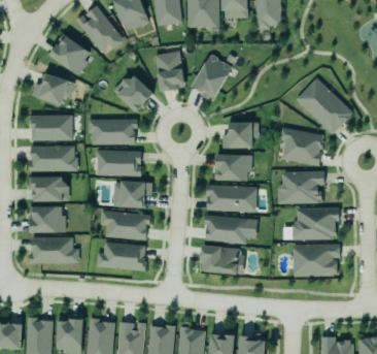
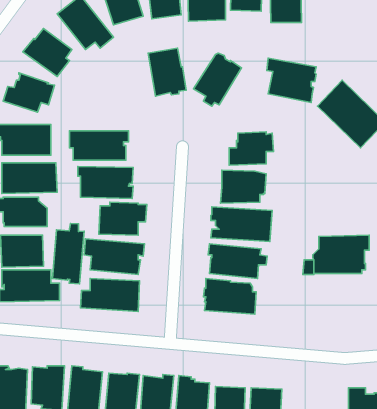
building: [113,74,152,110] -> none
building: [281,128,322,165] -> [267,58,316,102]
building: [277,170,324,204] -> none
building: none -> [53,224,84,284]
building: [294,244,339,278] -> none

